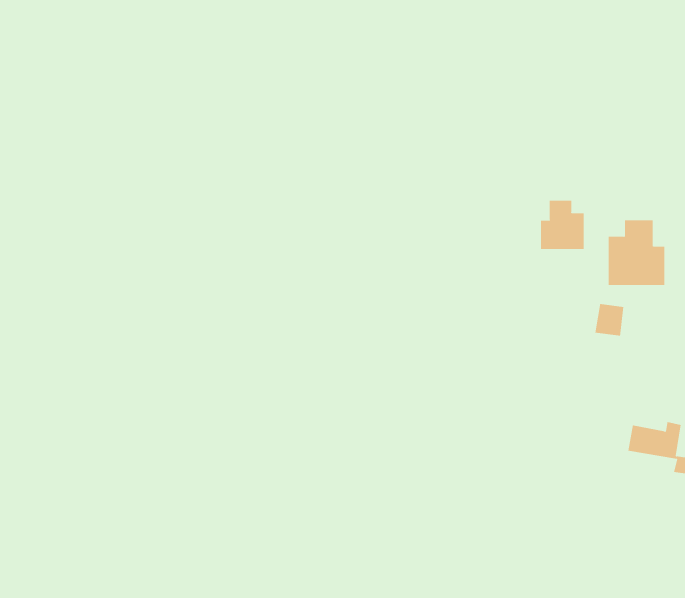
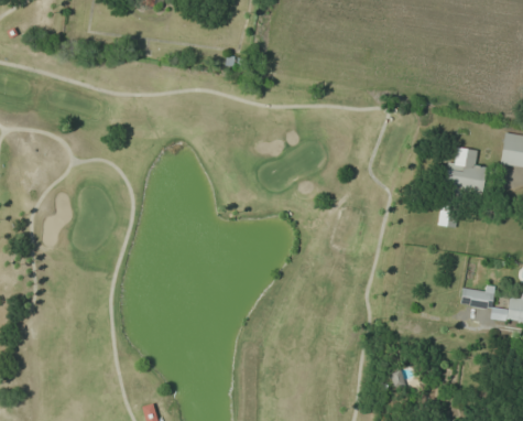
building: [540,200,584,250] -> none

